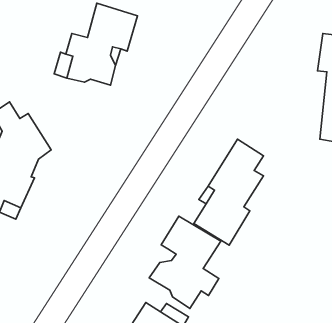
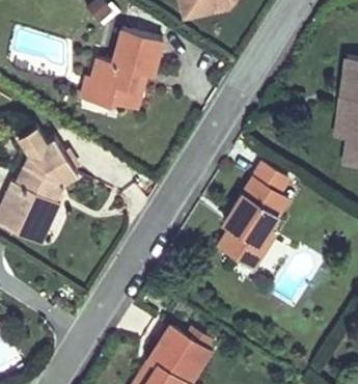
building: [149,216,221,309] -> none

